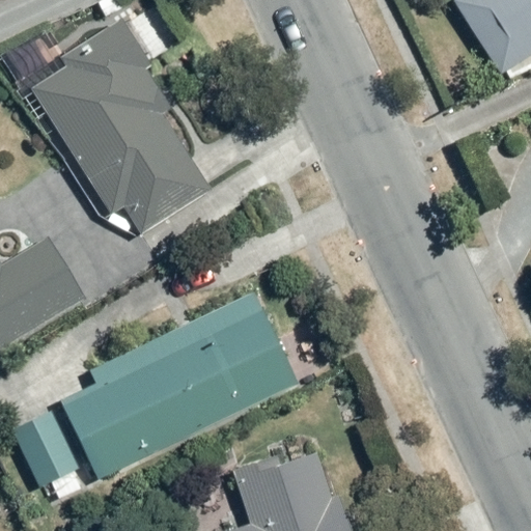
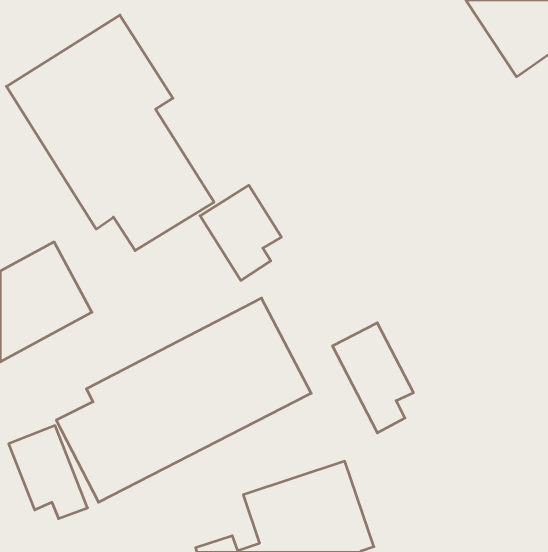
building: none -> [200,185,281,280]
building: none -> [333,323,413,433]

